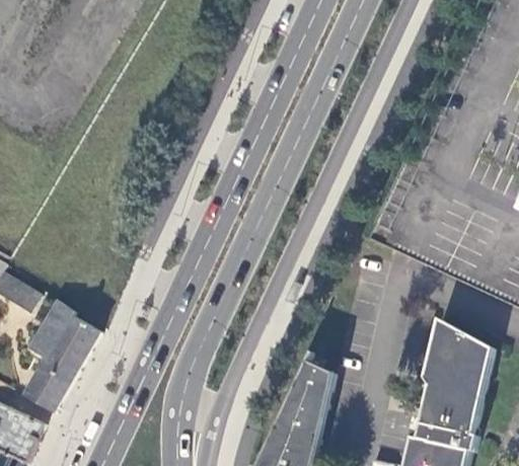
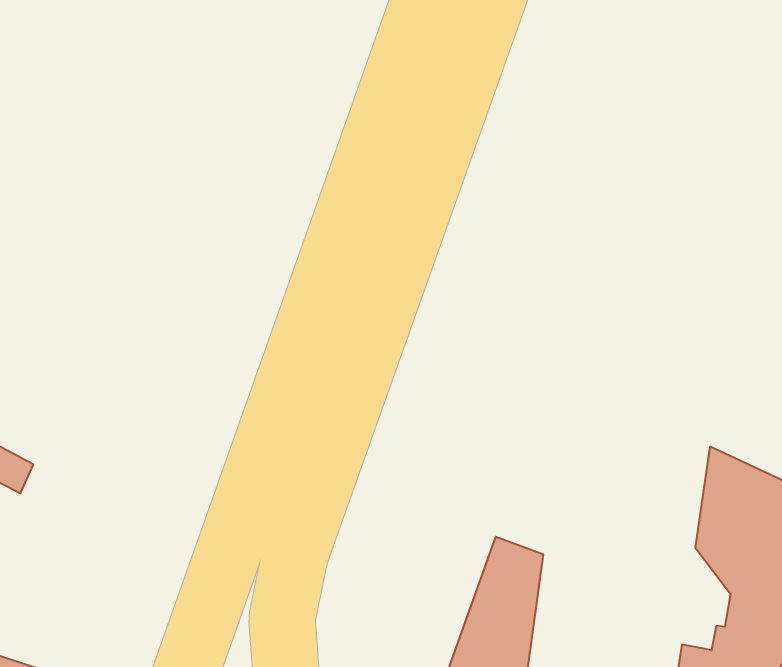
building: [22,297,97,411] -> none

